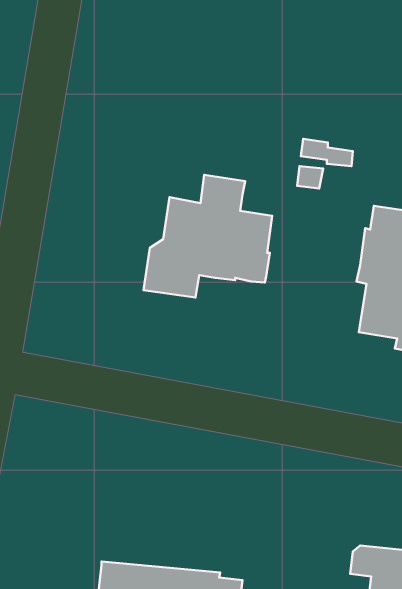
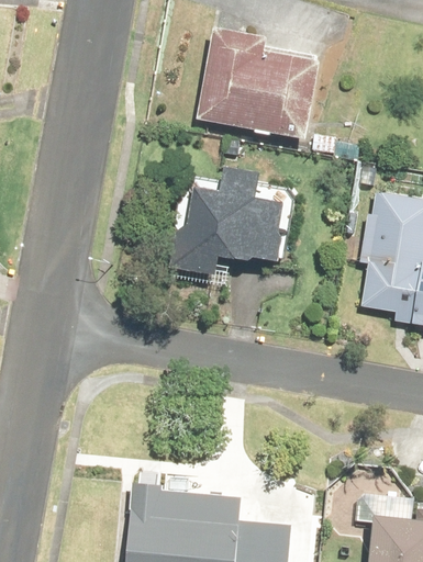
building: none -> [196,26,321,138]

